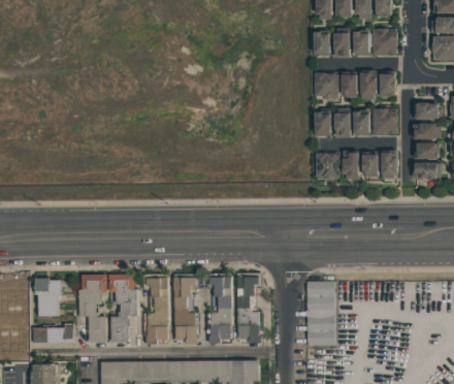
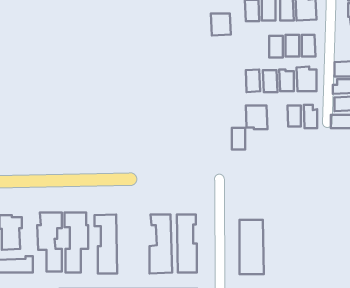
building: [315,73,337,98] -> [211,14,231,35]
building: [344,152,359,177] -> [232,128,245,149]
building: [173,278,197,344] -> none

